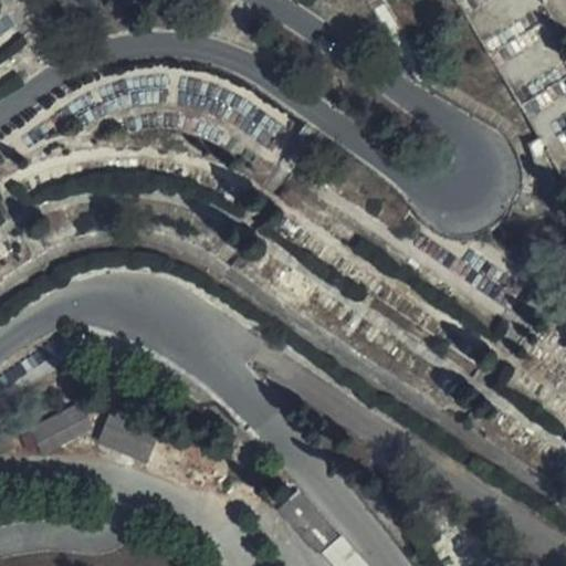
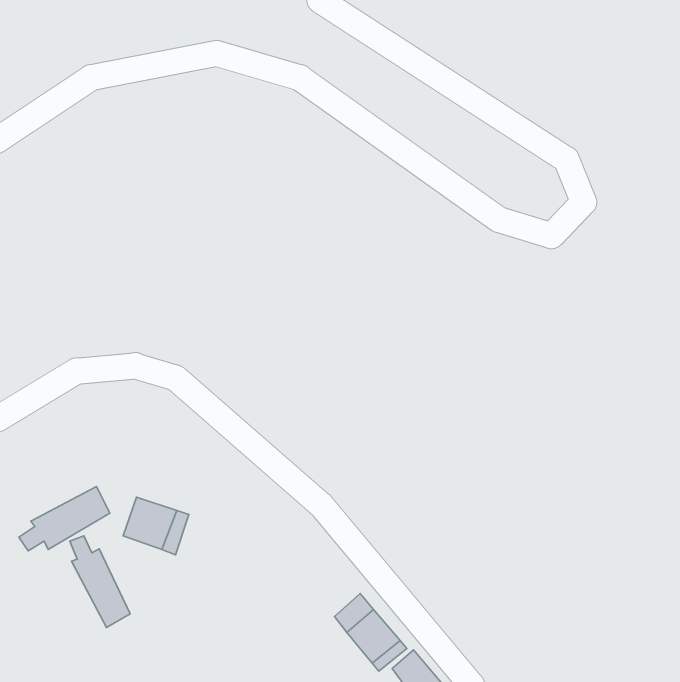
building: none -> [70,536,130,627]

